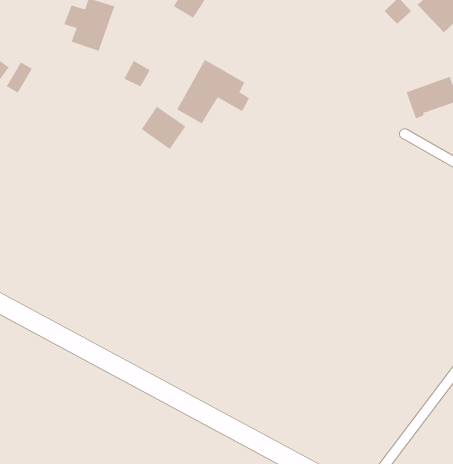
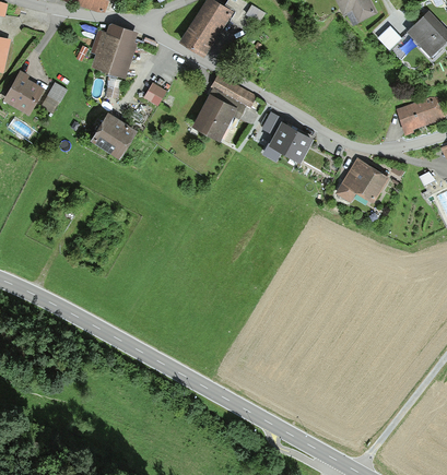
building: none -> [266,115,313,161]
building: [141,106,186,150] -> [96,114,137,153]
building: none -> [334,158,387,203]

